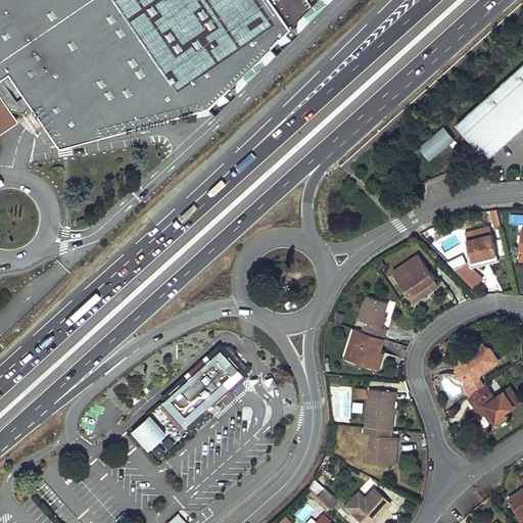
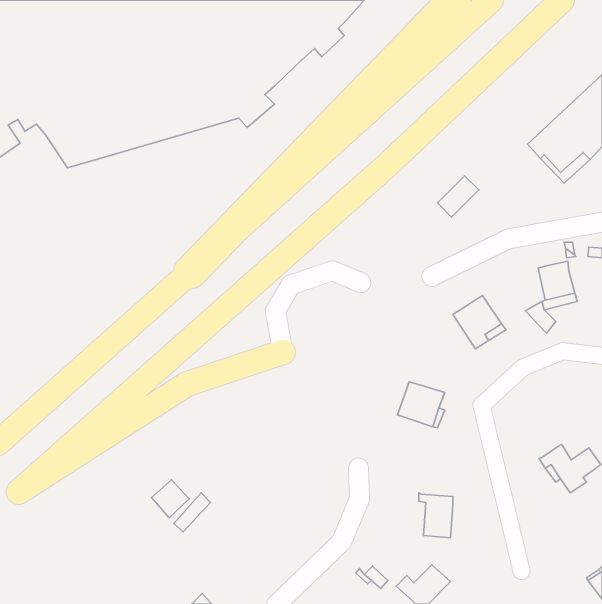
building: [417,126,453,161] -> [437,176,479,217]
building: [358,295,387,339] -> none
building: [159,344,245,426] -> none
building: [455,344,494,395] -> none
building: [364,388,395,429] -> none

